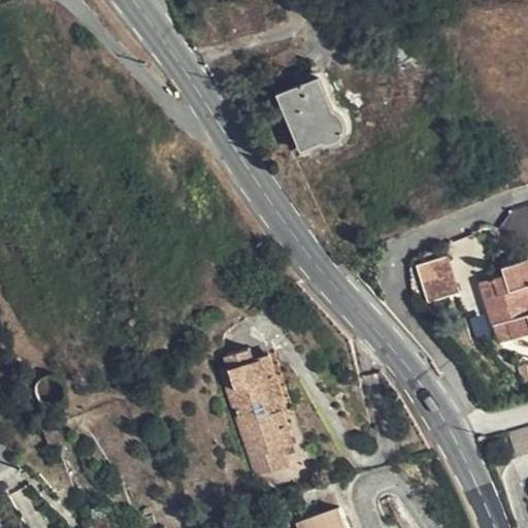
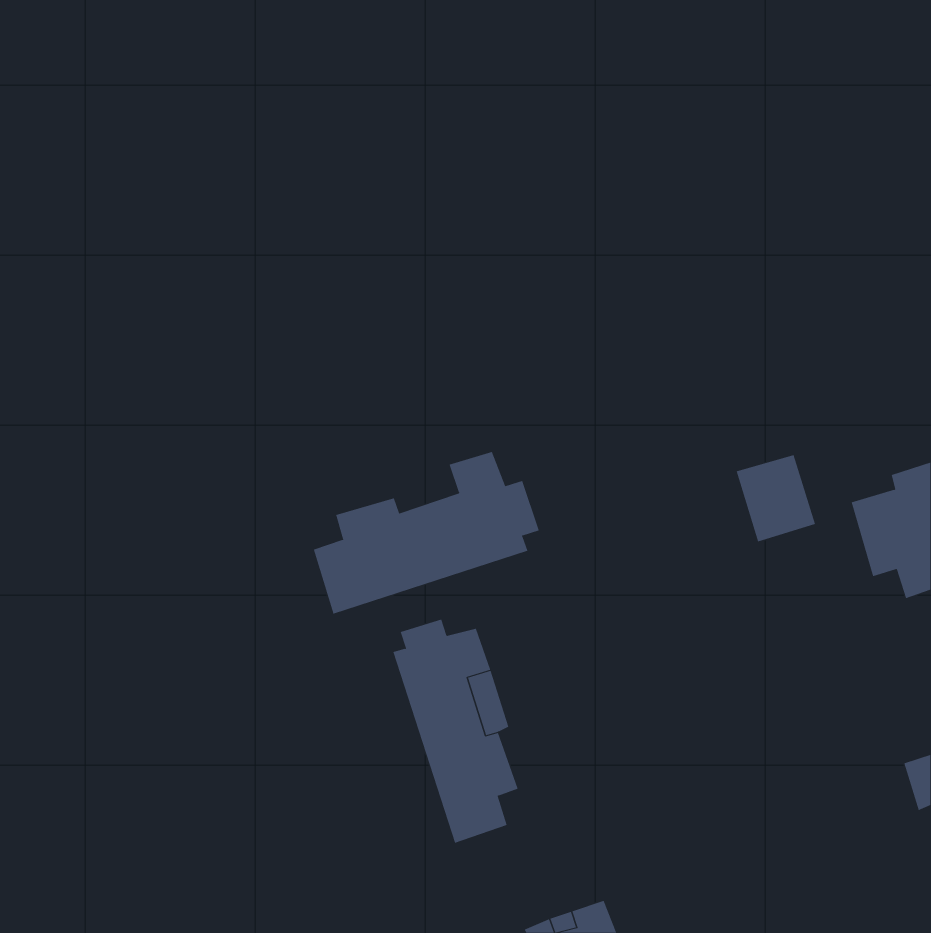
building: [279,78,342,146] -> none
building: none -> [313,451,540,614]

